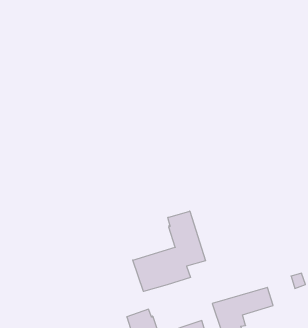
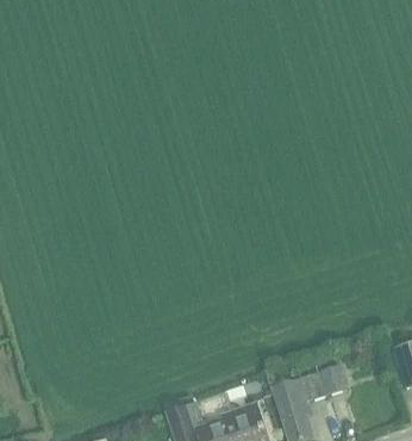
building: [133,211,206,291] -> none

